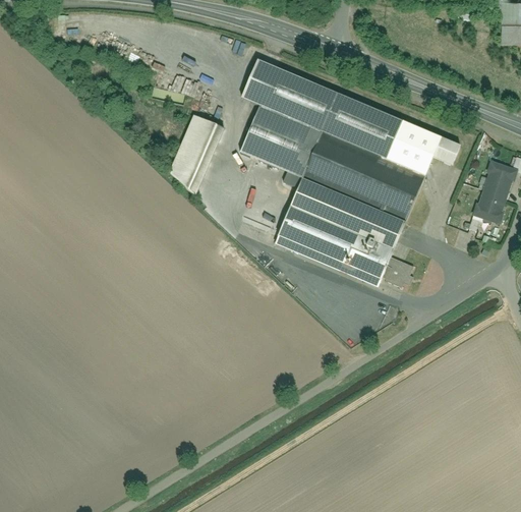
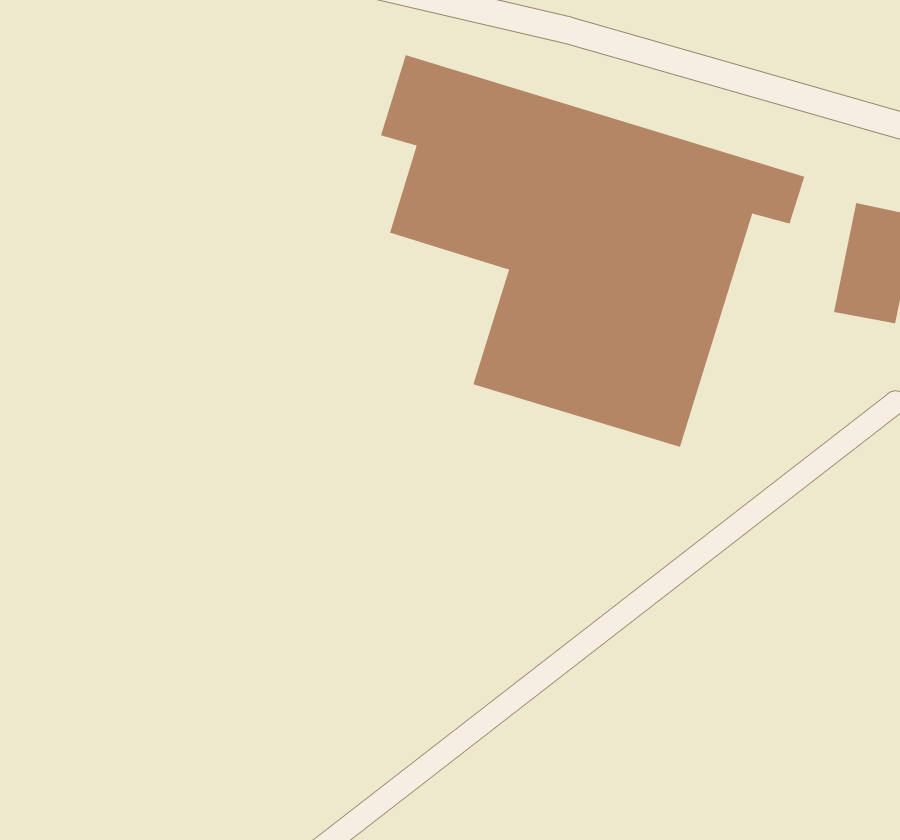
building: [170,112,225,194] -> none
building: [383,257,415,288] -> none

